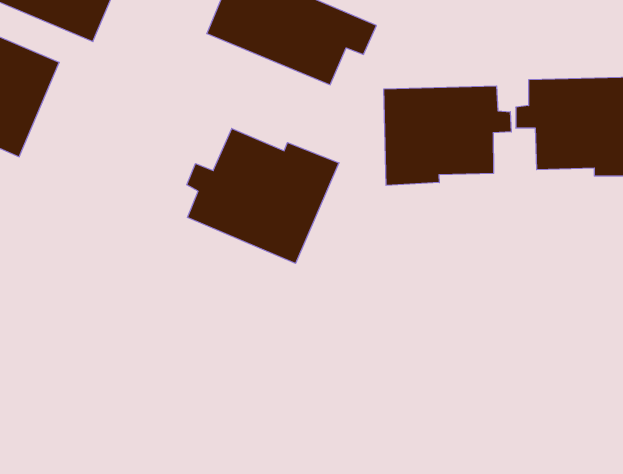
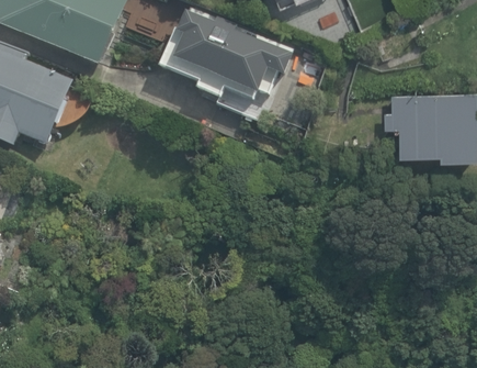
building: [384,86,511,185] -> none
building: [187,128,339,263] -> none

